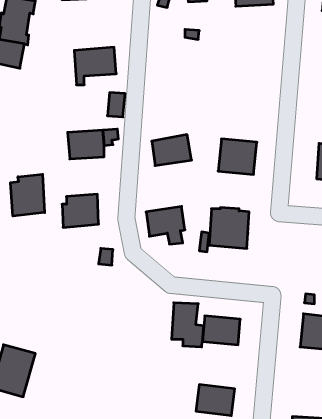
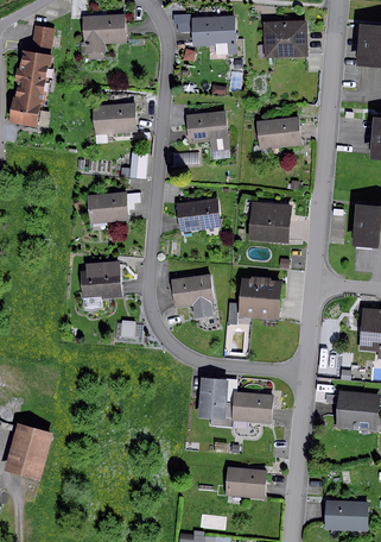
building: none -> [186,111,230,153]
building: none -> [258,118,303,151]
building: [11,174,45,216] -> none

